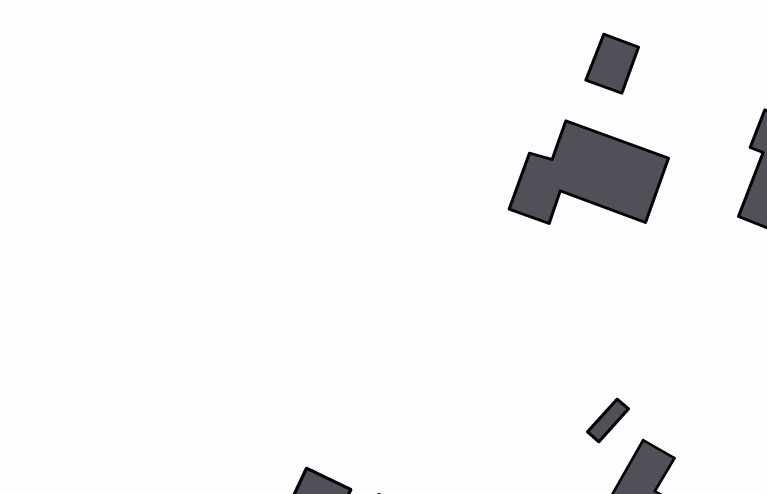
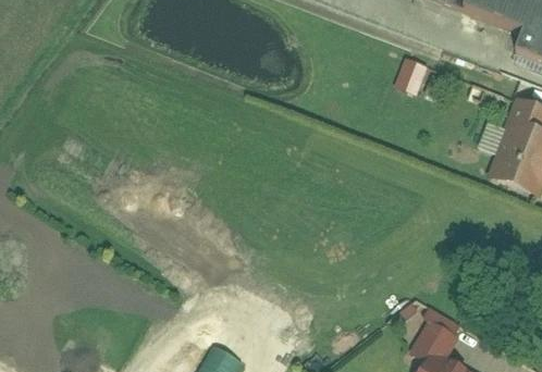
building: [509,121,668,223] -> none

